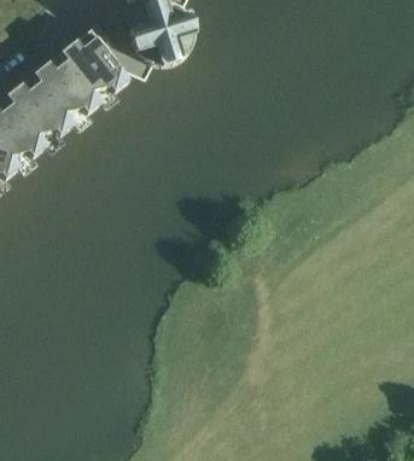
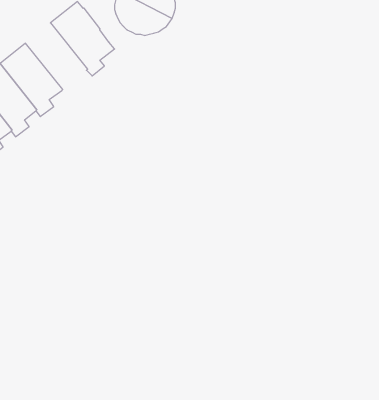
building: [31,47,98,126] -> none

